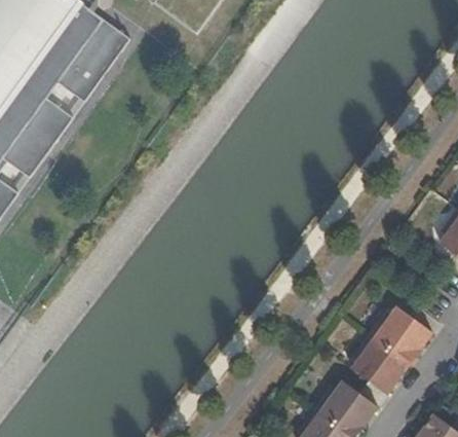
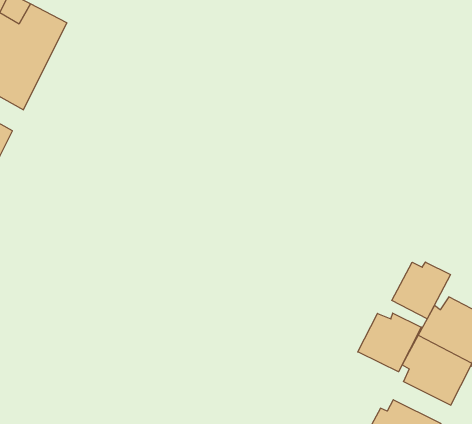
building: none -> [392,262,450,319]
building: none -> [358,313,421,372]

